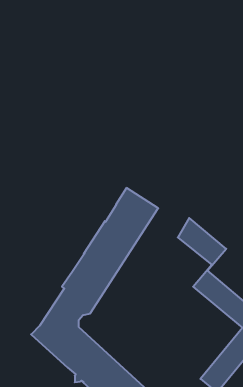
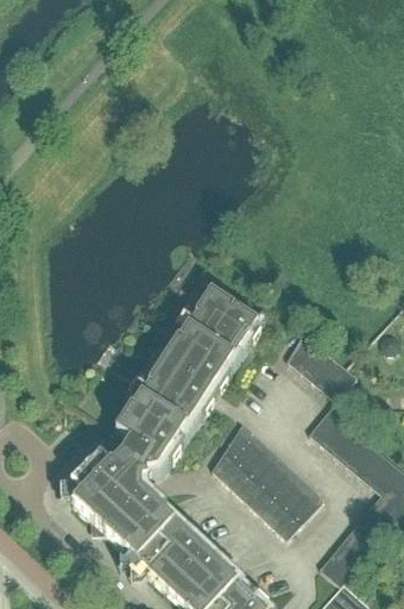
building: none -> [209,420,321,536]

